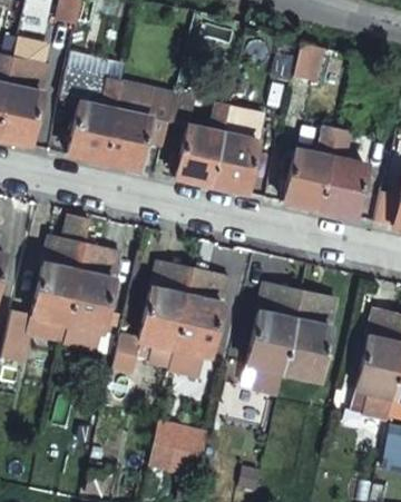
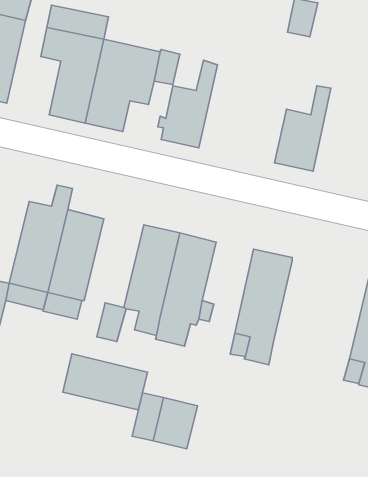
building: [211,108,264,195] -> none
building: [320,130,366,217] -> none
building: [282,292,335,380] -> none
building: none -> [63,354,148,410]

